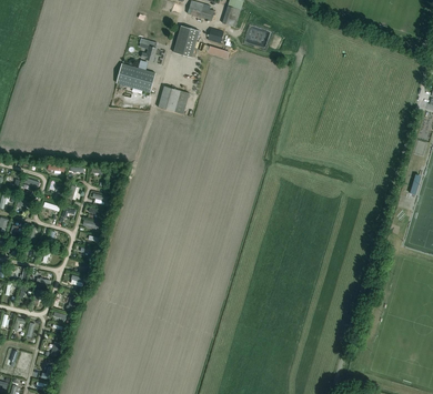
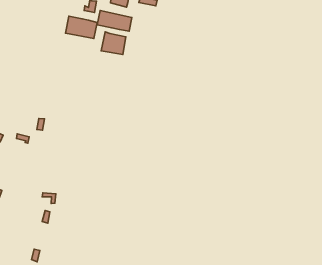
building: none -> [97,10,132,31]

